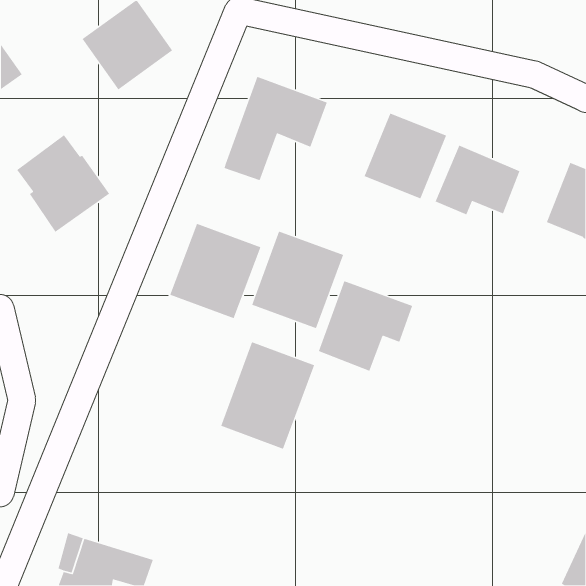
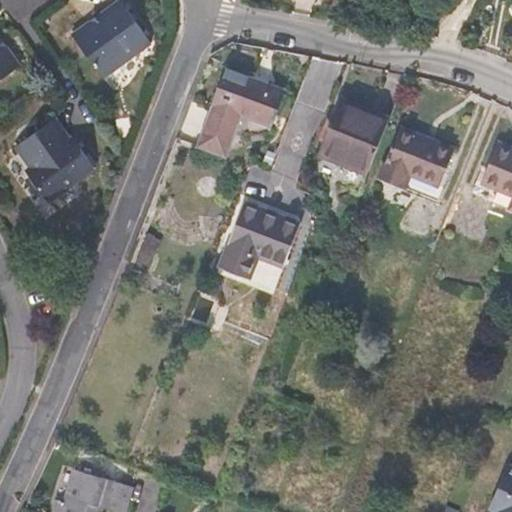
building: [169,223,261,319] -> none
building: [318,280,413,372] -> none
building: [220,341,315,450] -> none

